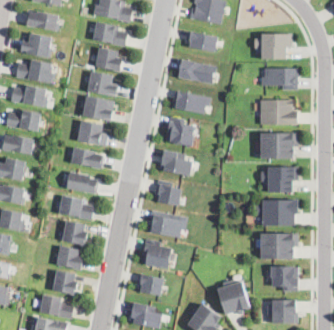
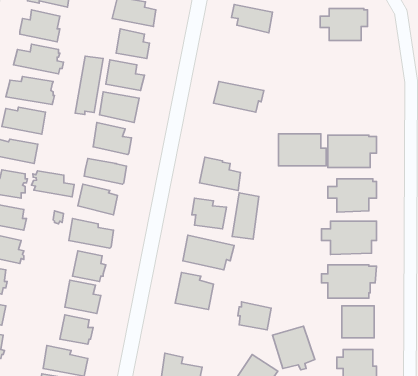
building: [177,57,215,83] -> none
building: [260,66,297,89] -> none
building: none -> [75,56,103,115]
building: [259,98,296,123] -> [279,134,326,166]
building: [165,115,194,145] -> none
building: none -> [31,171,74,197]
building: none -> [232,193,259,239]
building: [137,272,163,294] -> [238,302,271,330]

